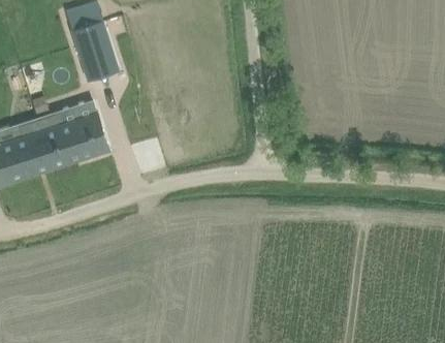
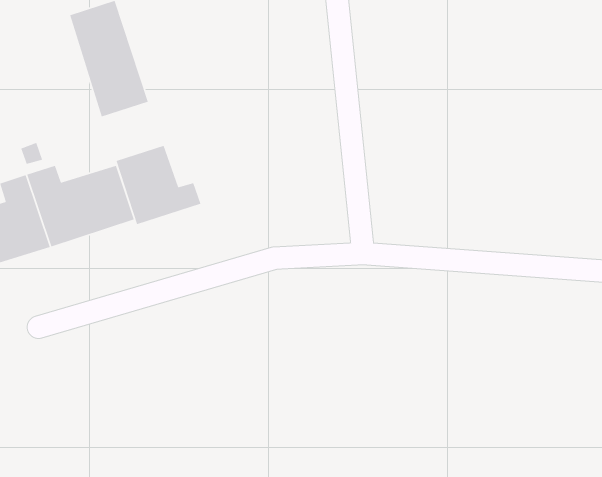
building: none -> [116,145,202,225]

